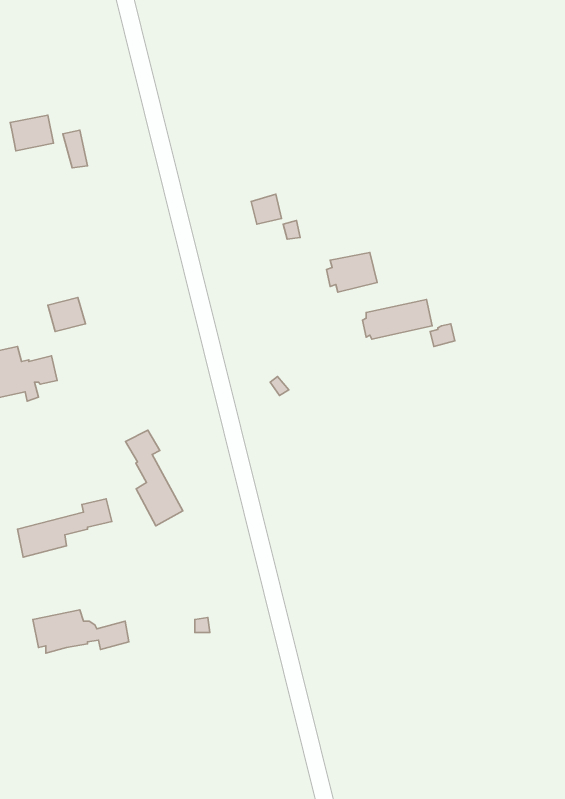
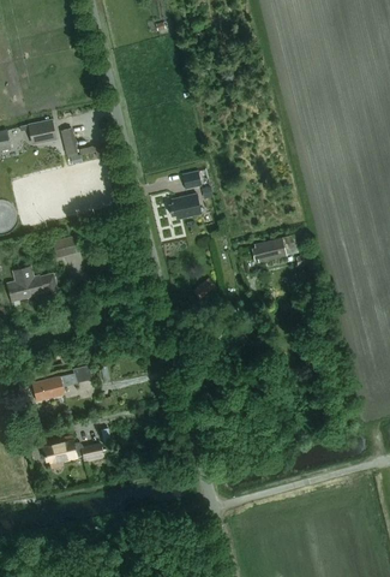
building: [326,253,377,292] -> [169,194,202,219]
building: [126,430,183,526] -> none

